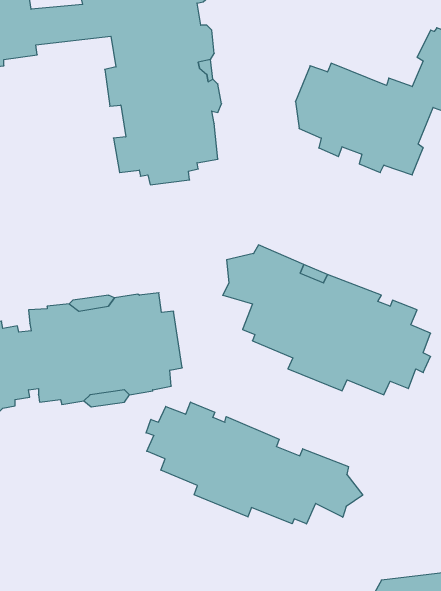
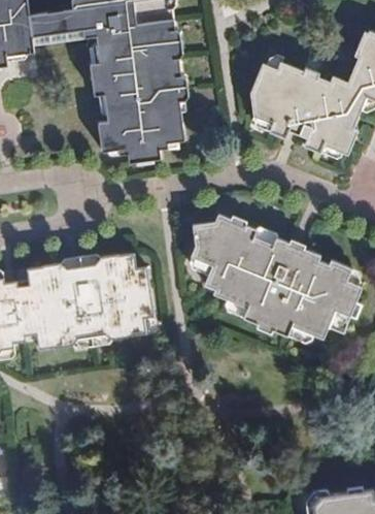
building: [146,402,363,524] -> none

